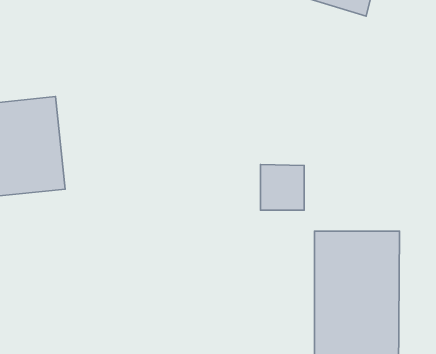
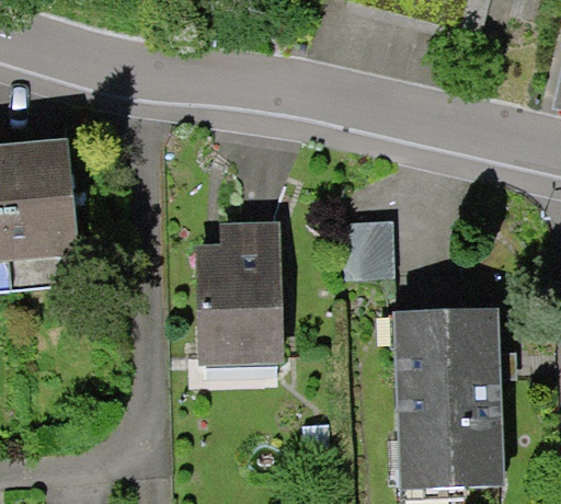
building: none -> [192,214,286,365]

